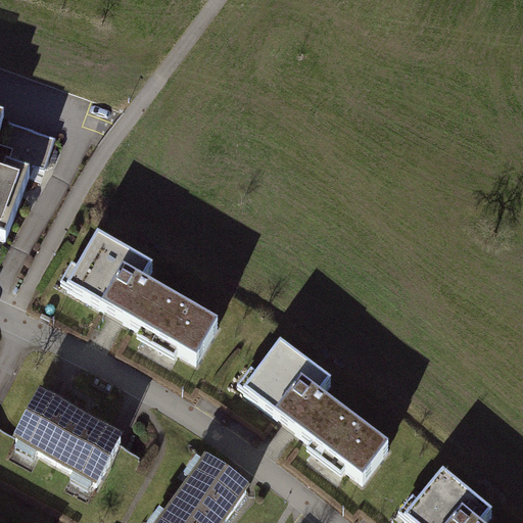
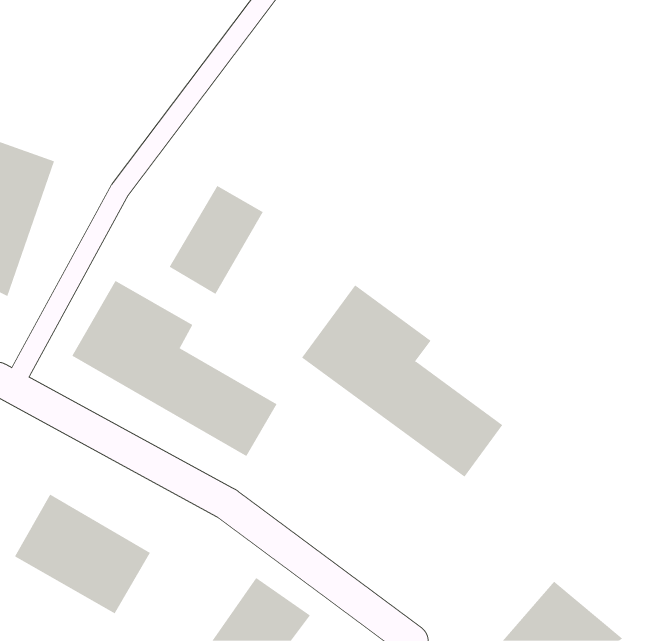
building: none -> [169,185,264,295]
building: [235,330,396,484] -> [301,284,503,478]

